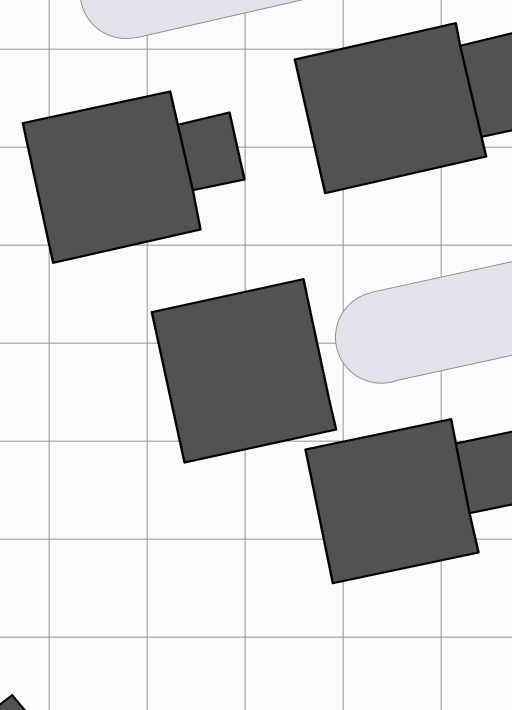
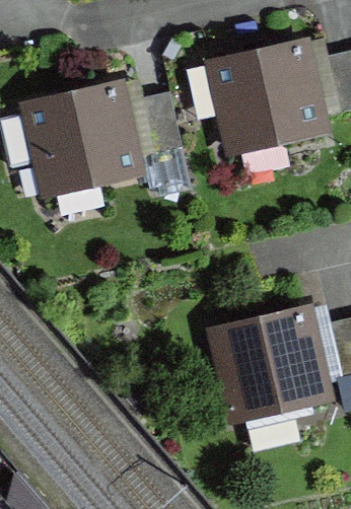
building: [152,279,336,462] -> none

